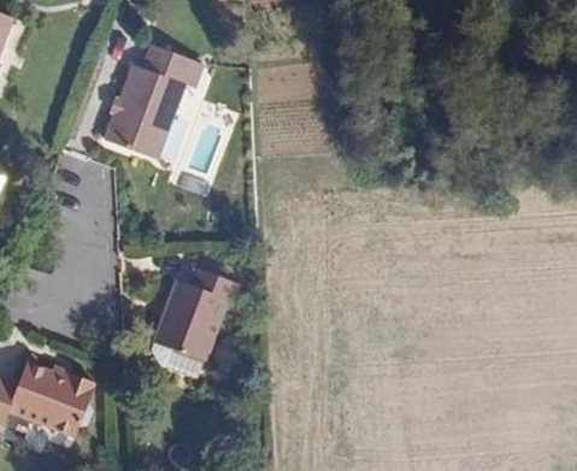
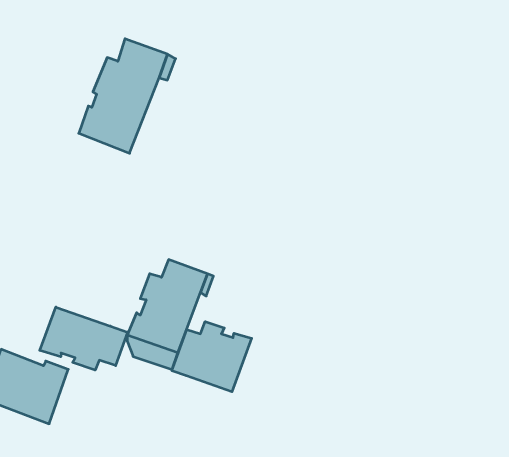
building: none -> [40,307,128,370]
building: none -> [172,322,252,392]

